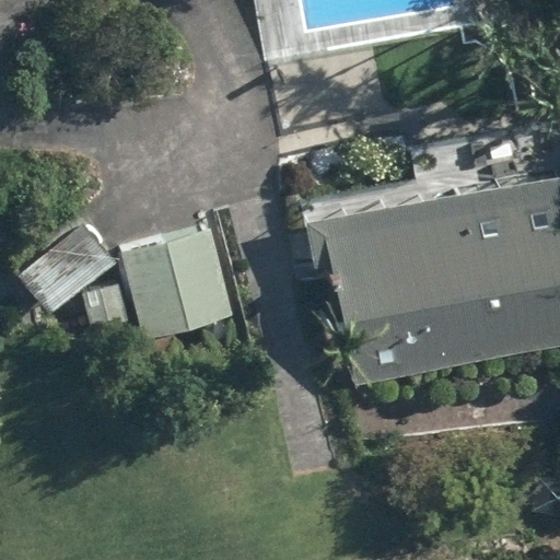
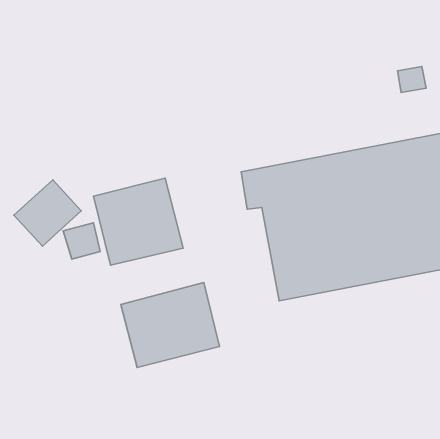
building: none -> [121,282,220,367]

